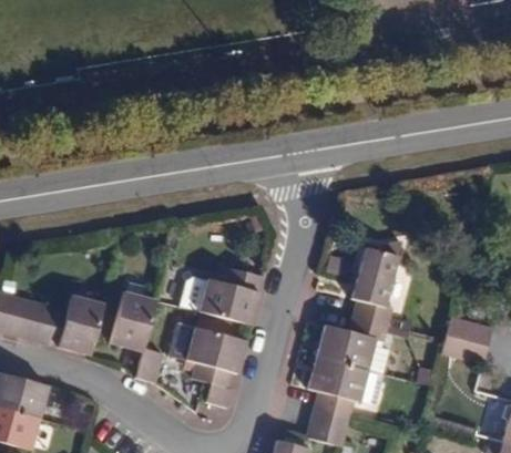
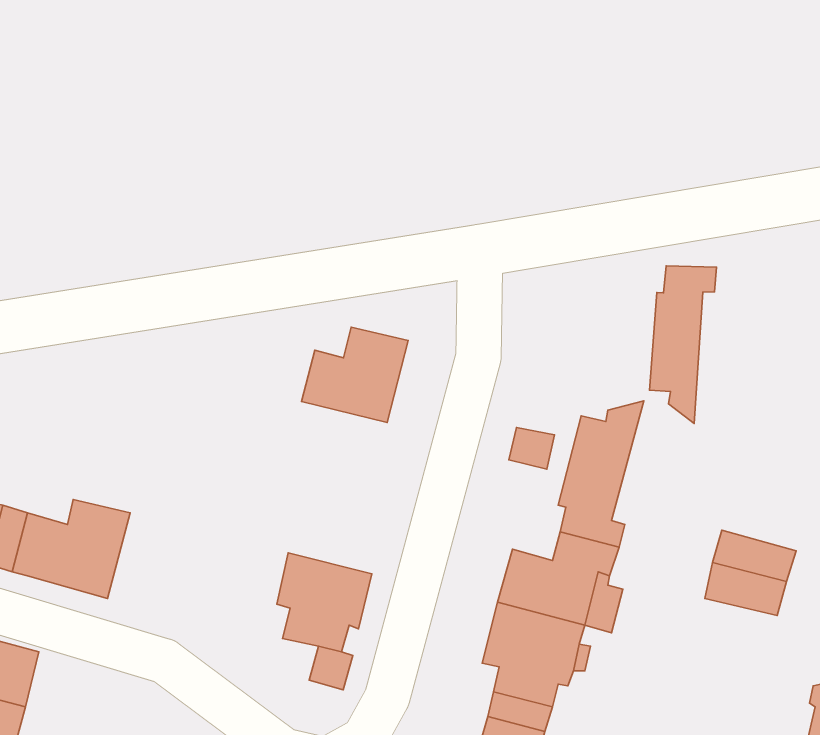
building: none -> [649,266,716,424]
building: [200,267,262,322] -> [302,327,408,422]
building: [110,291,162,381] -> none

